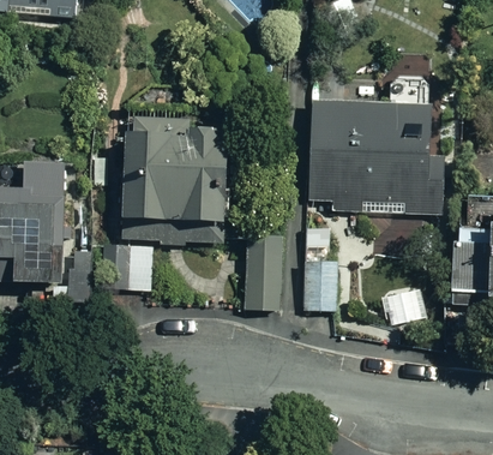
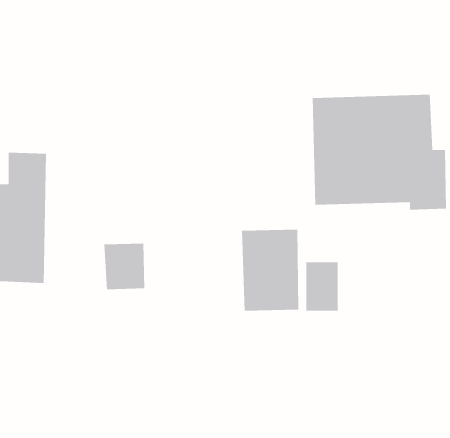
building: [120,116,223,244] -> none

